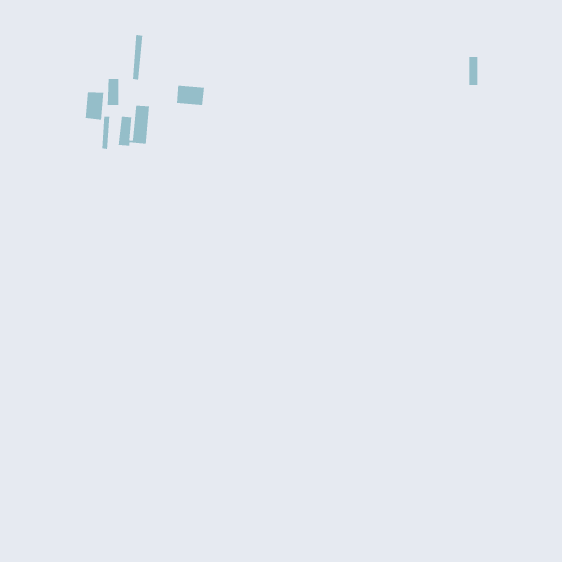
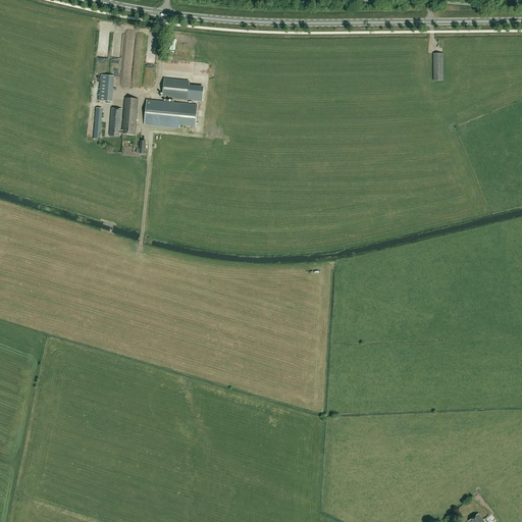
building: [85,92,104,120] -> none
building: none -> [146,99,186,126]

